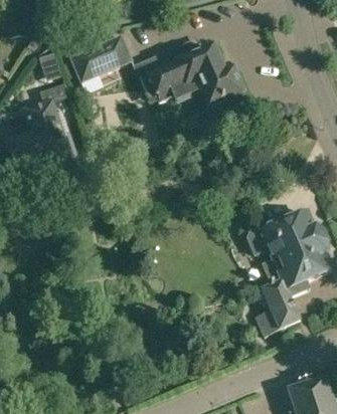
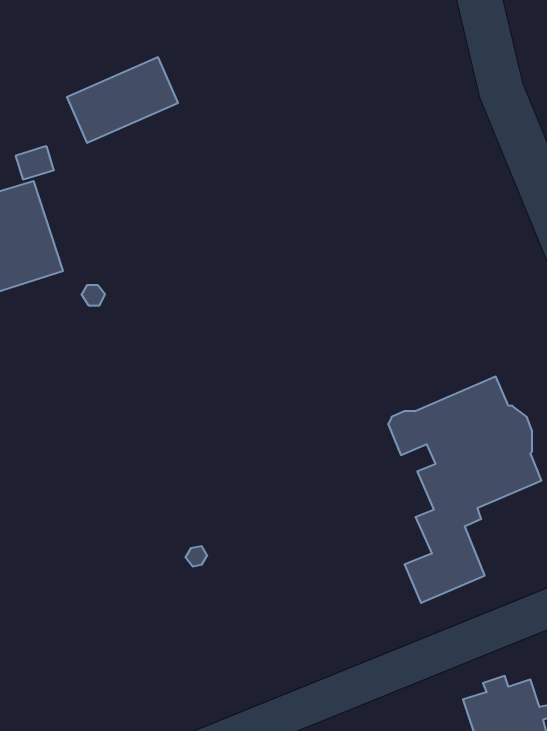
building: [142,43,245,114] -> none

